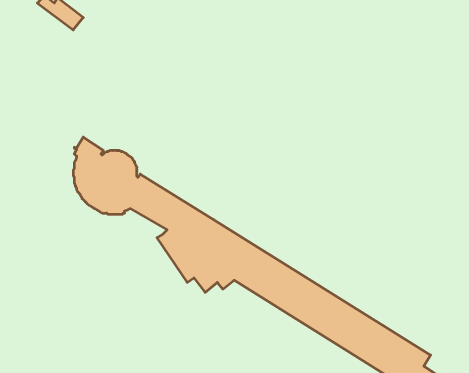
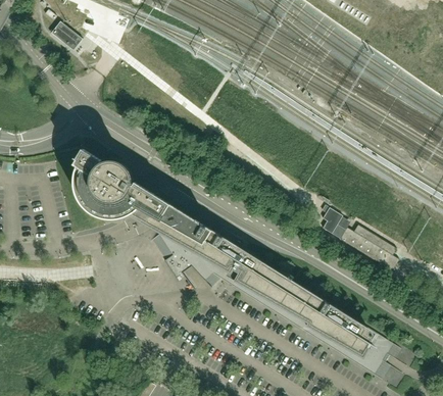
building: none -> [324,209,401,273]

